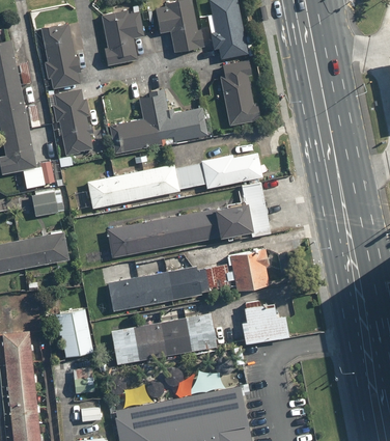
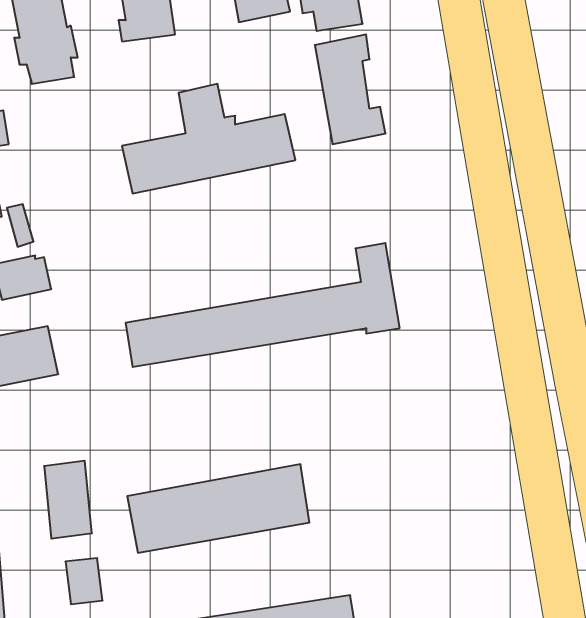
building: [53,92,93,165] -> none
building: [88,155,261,209] -> none
building: [230,250,269,292] -> none
building: [104,257,228,312] -> none
building: [241,306,288,344] -> none

